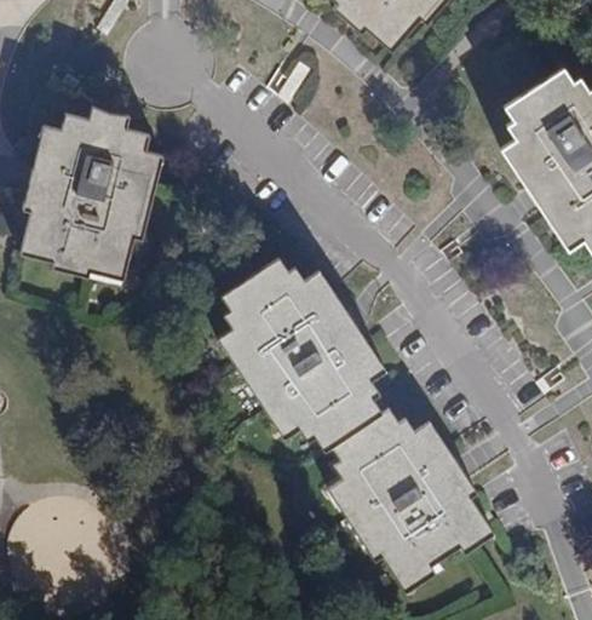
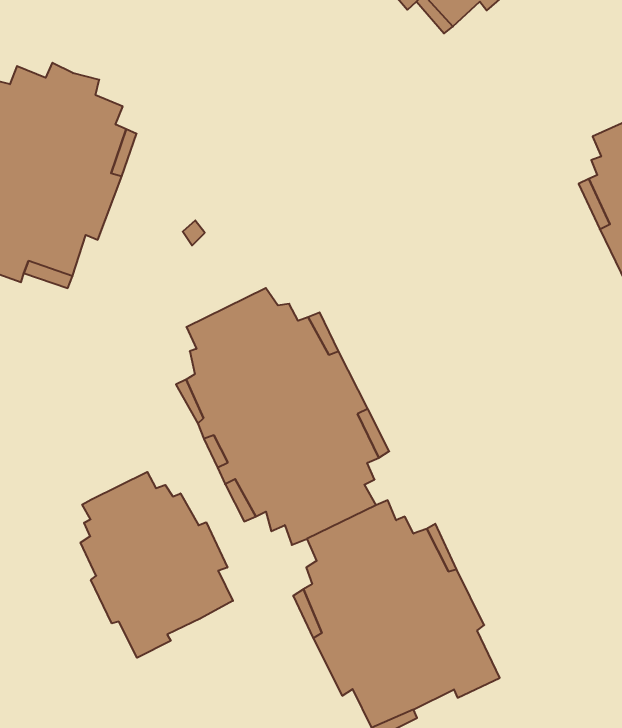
building: none -> [81,472,233,658]

